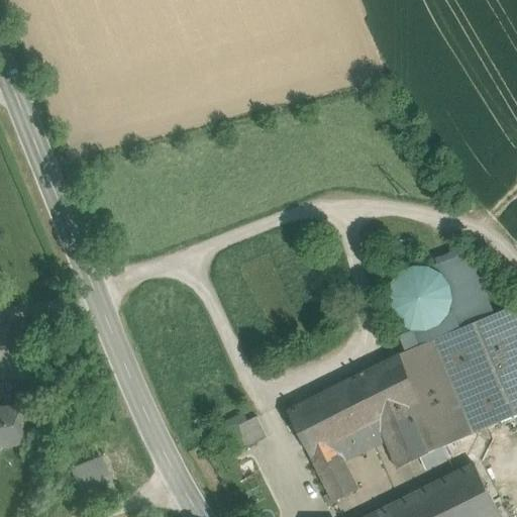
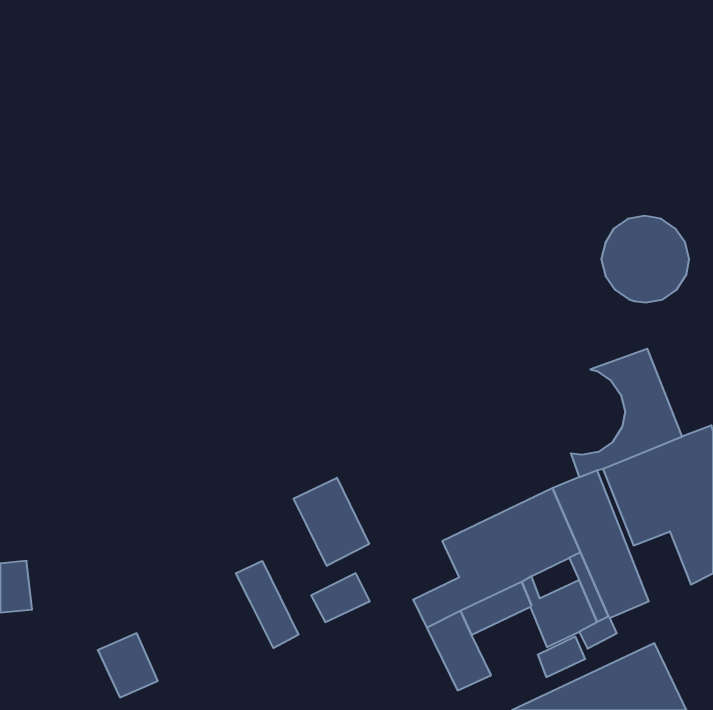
building: [389,267,452,329] -> [601,216,689,302]
building: none -> [293,478,369,566]
building: [458,385,500,433] -> none
building: [287,392,332,434] -> none
building: [385,404,419,433] -> [538,637,585,677]
building: none -> [236,561,298,648]

